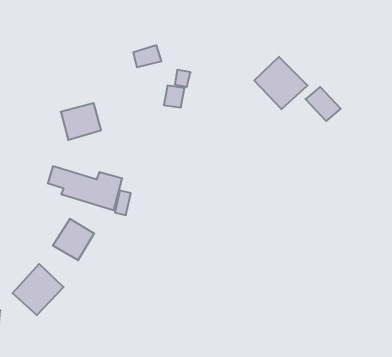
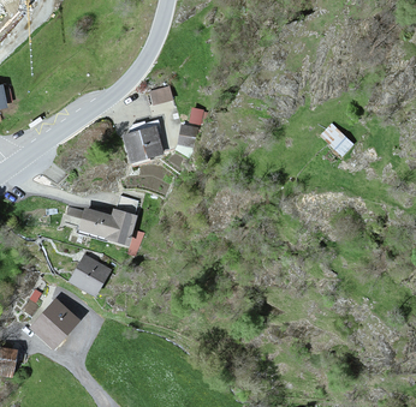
building: [254,57,308,109] -> none
building: [61,103,101,140] -> [123,127,162,163]

